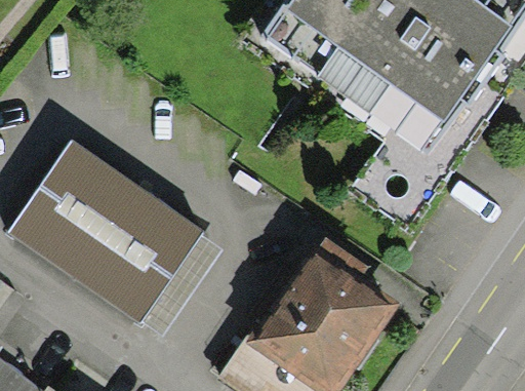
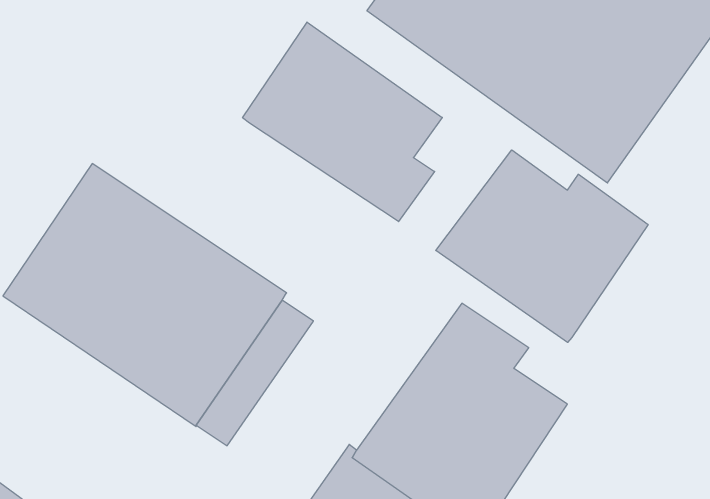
building: none -> [243,22,442,222]
building: none -> [436,150,648,342]

